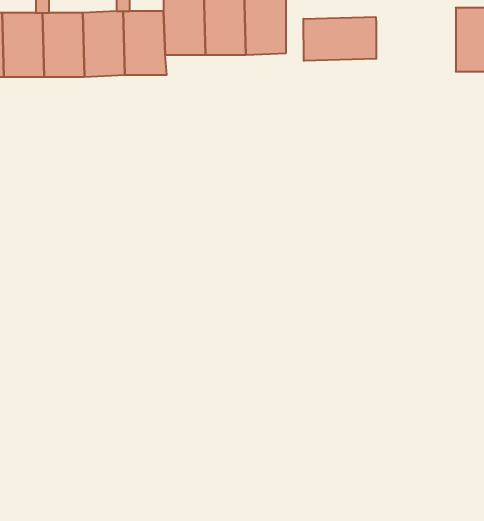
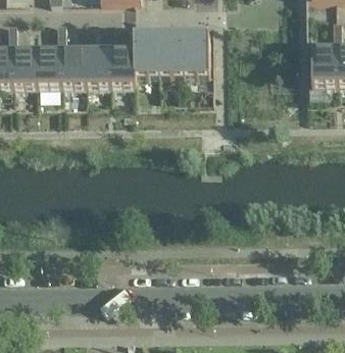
building: [303,17,376,61] -> none

